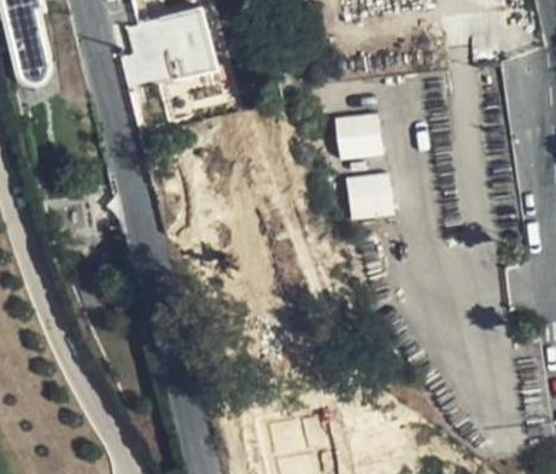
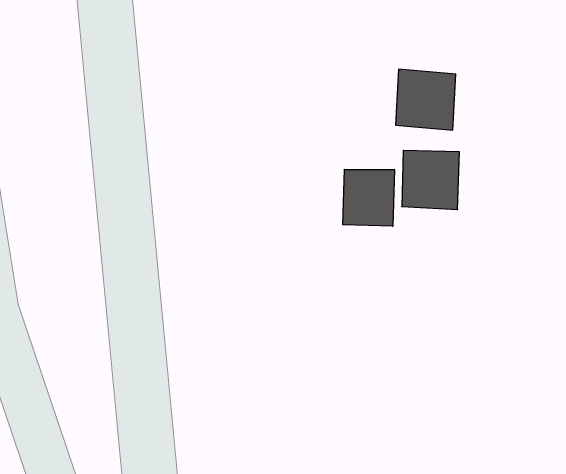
building: none -> [343,169,394,226]

